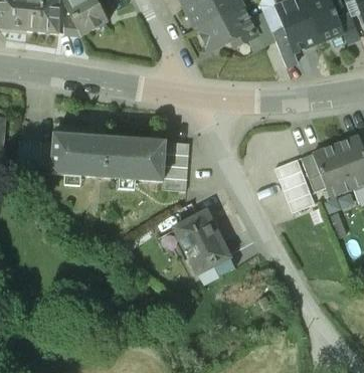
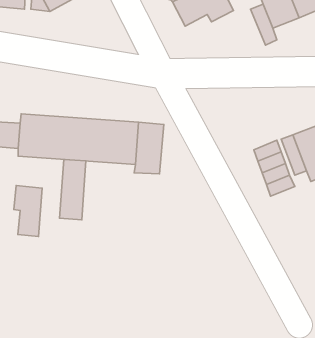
building: none -> [59,159,86,220]
building: none -> [14,186,42,237]
building: [175,212,227,270] -> none

